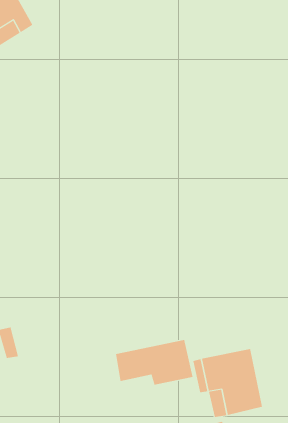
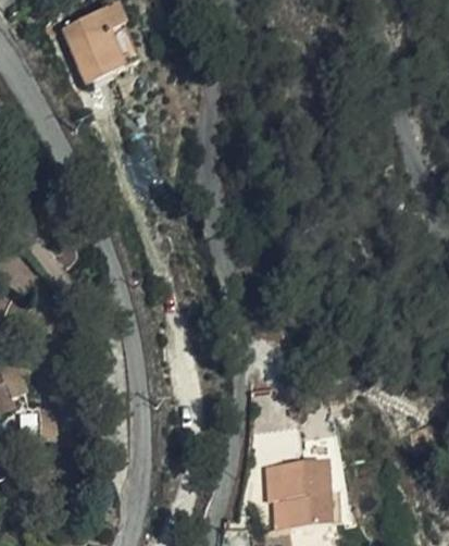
building: [116,339,193,385] -> none

